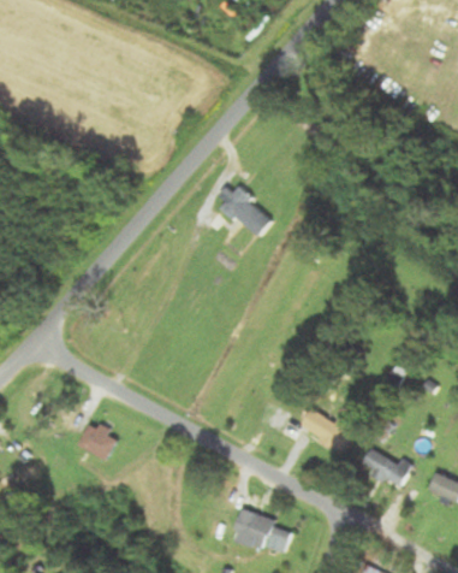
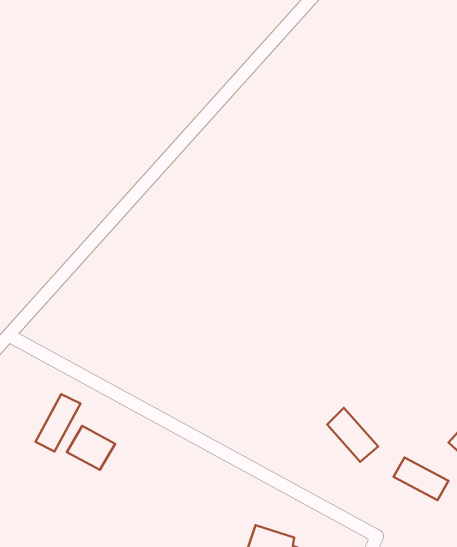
building: [220,187,269,234] -> none
building: none -> [35,394,80,451]

